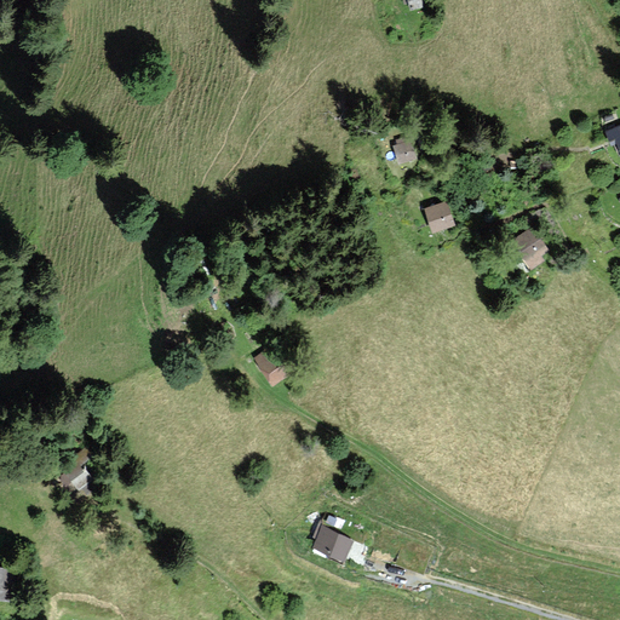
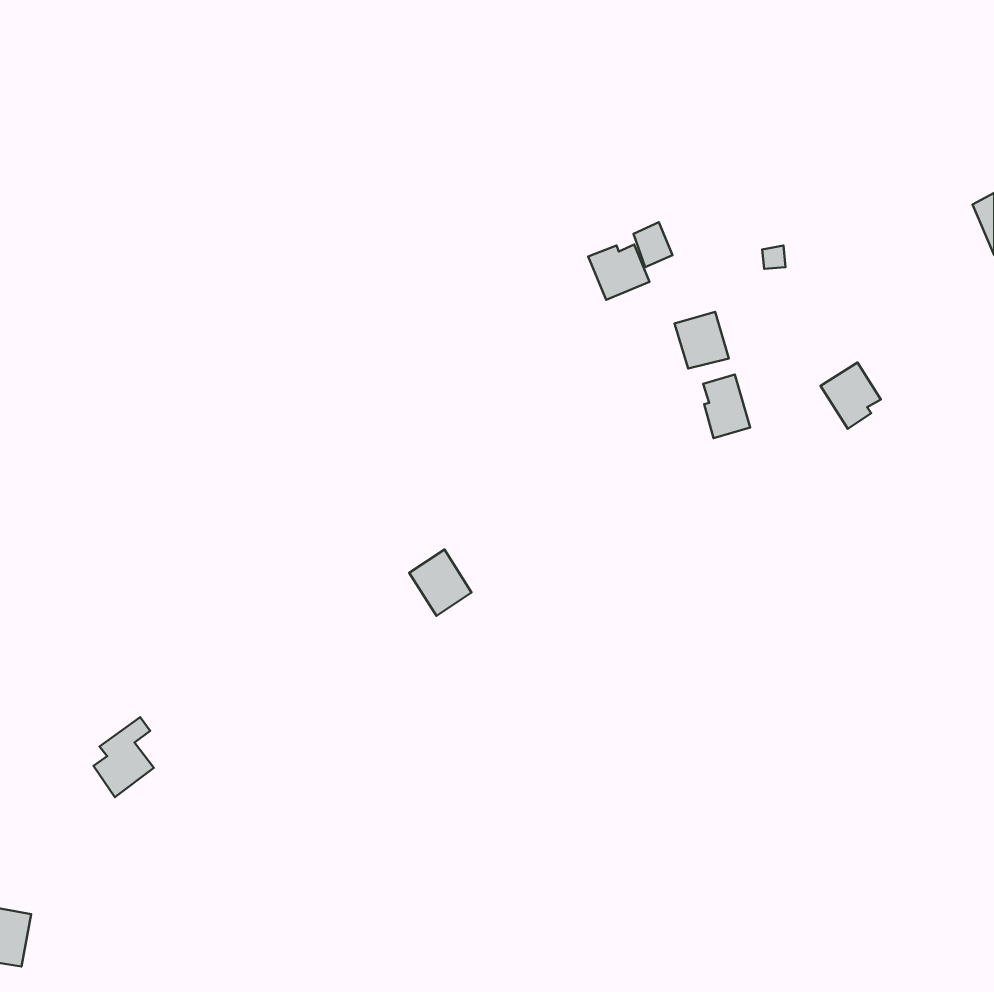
building: none -> [588,244,650,300]
building: none -> [703,374,750,438]
building: [310,524,352,561] -> none

